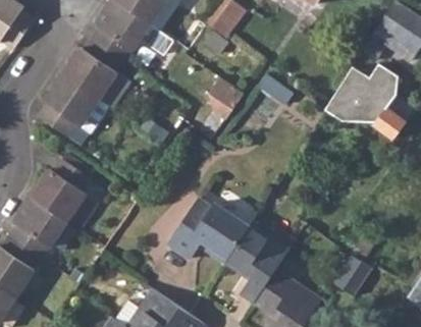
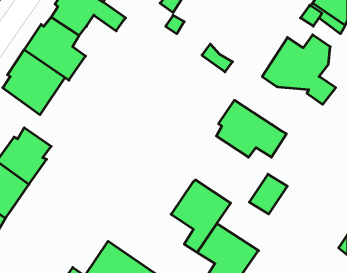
building: [204,75,243,119] -> none
building: none -> [216,100,286,157]
building: [164,196,246,259] -> none
building: [329,250,371,293] -> [249,174,287,214]

